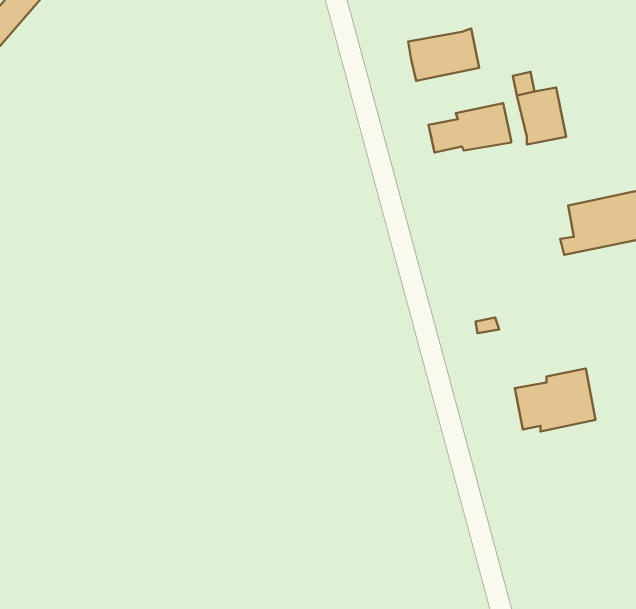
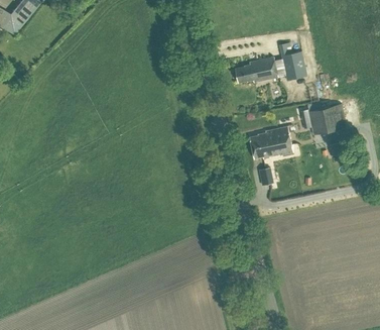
building: [408,28,479,81] -> none
building: [515,369,596,432] -> [249,127,290,159]

